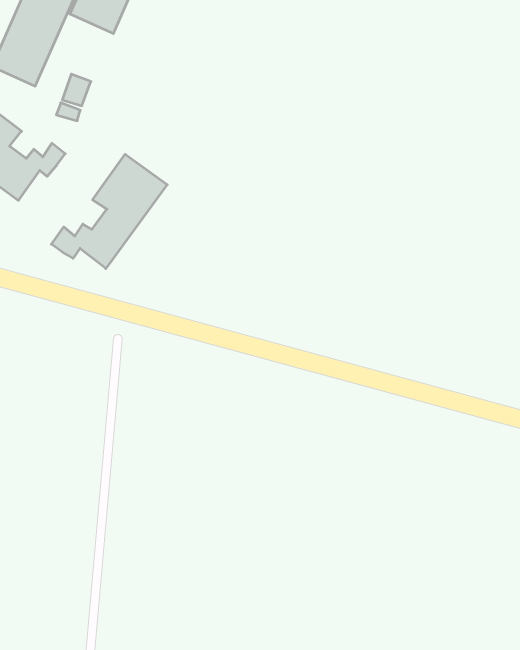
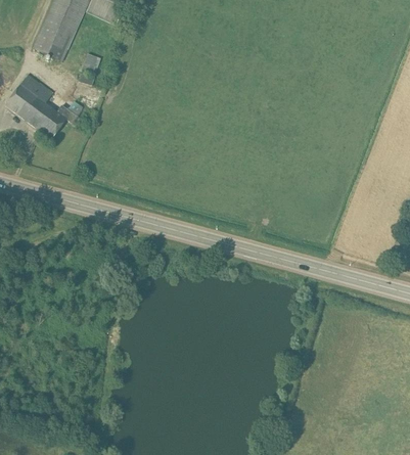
building: [51,154,167,269] -> none

